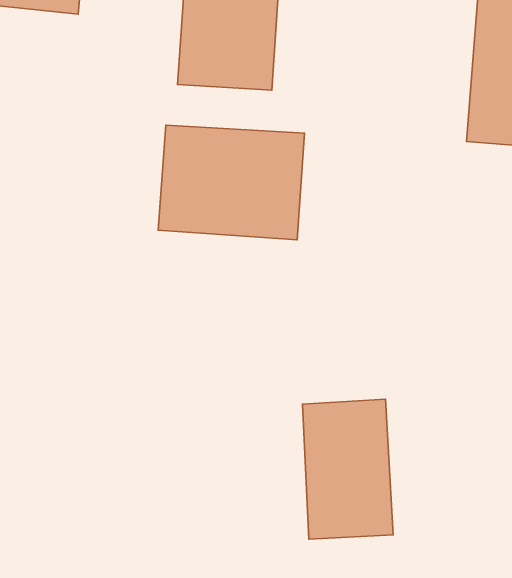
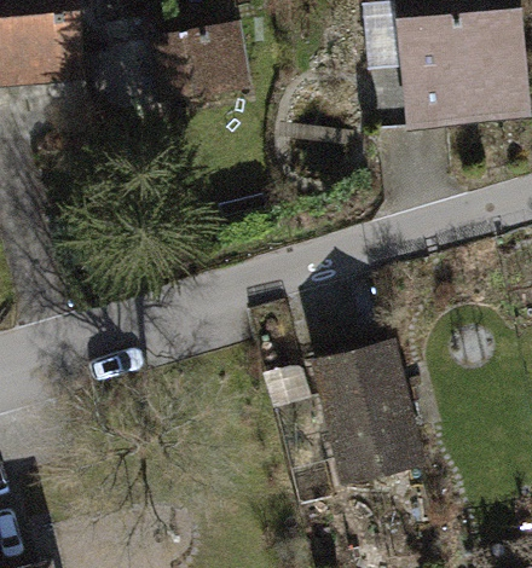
building: [158,125,304,240] -> none

